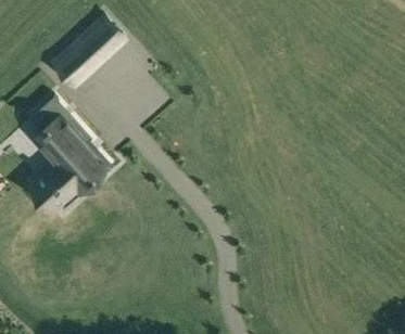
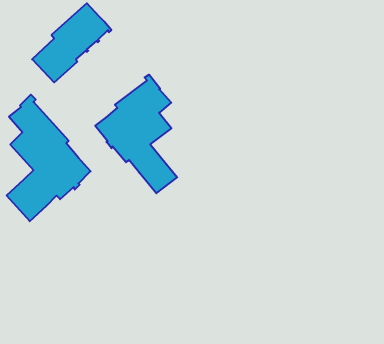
building: none -> [95,75,177,193]

